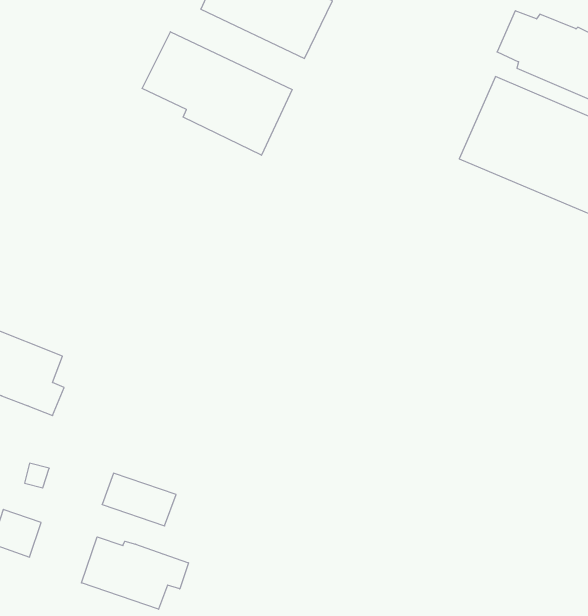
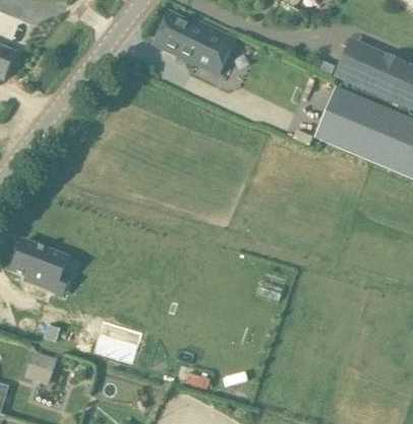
building: [142,32,292,155] -> none
building: [81,537,188,609] -> none

